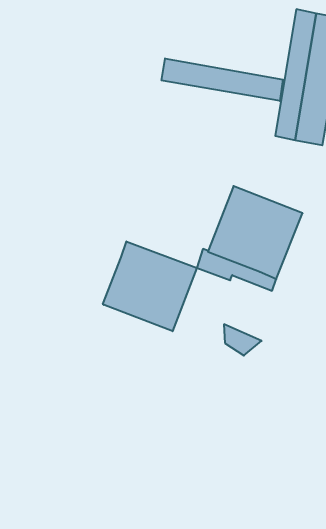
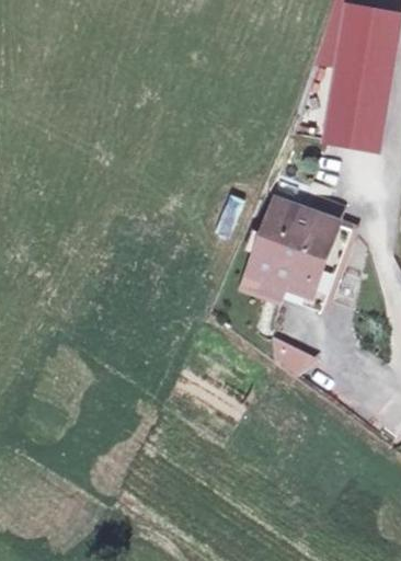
building: [162,58,283,101] -> none
building: [103,241,197,331] -> none

